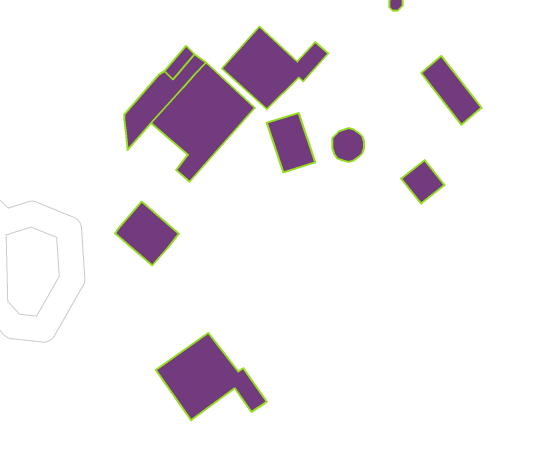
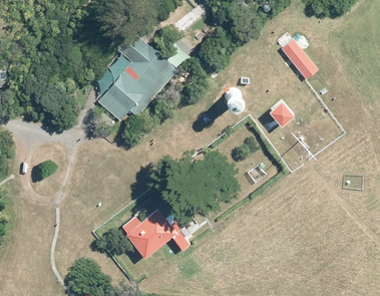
building: [222,27,328,109] -> none
building: [267,113,315,172] -> none
building: [115,202,179,265] -> [102,79,140,117]

